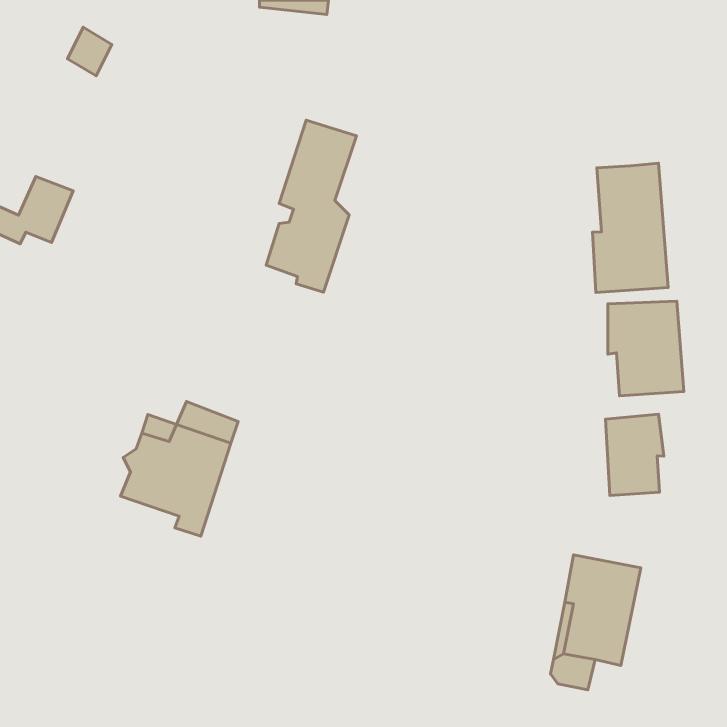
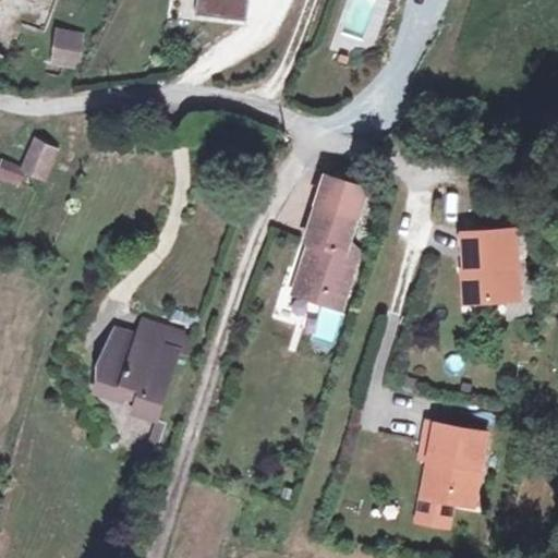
building: [266,120,356,292] -> [293,177,362,307]
building: [592,163,668,292] -> none
building: [606,414,664,495] -> none

